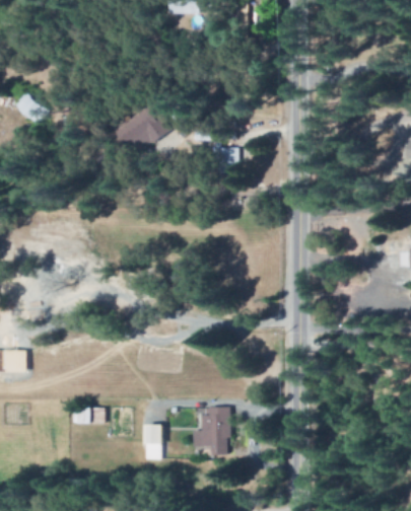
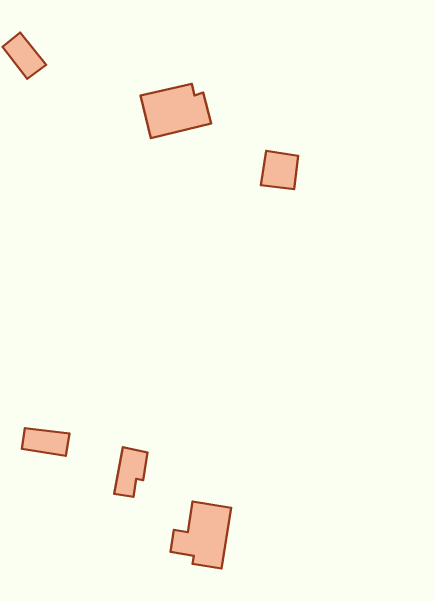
building: [71,407,104,423] -> [22,428,69,456]
building: [144,424,163,458] -> [114,447,148,497]

